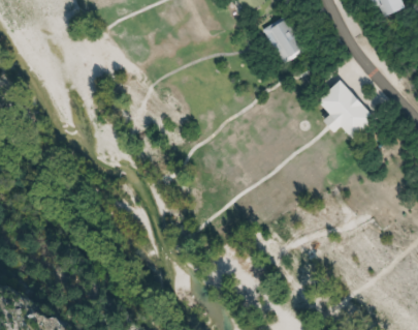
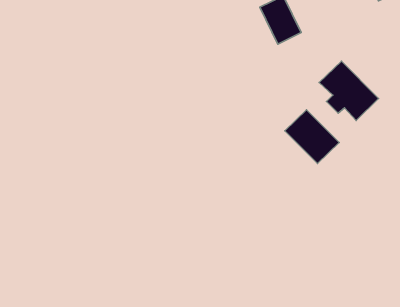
building: none -> [285,110,339,164]

